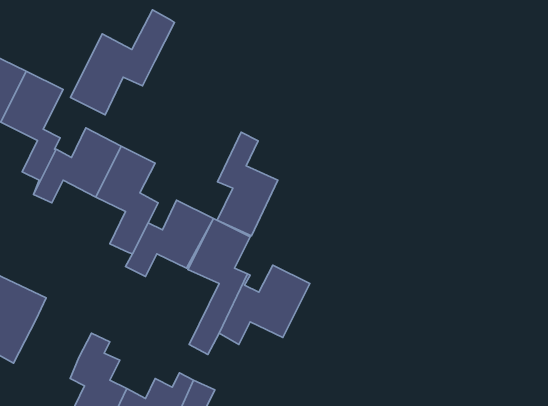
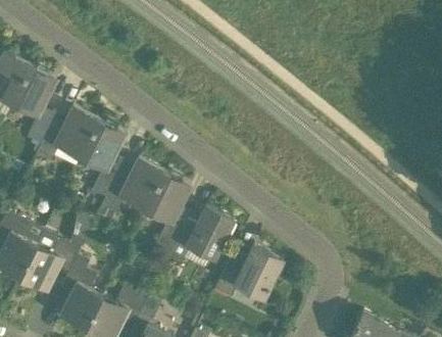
building: [71,10,174,115] -> none
building: [217,132,278,236] -> none
building: none -> [20,236,84,290]
building: none -> [213,247,282,300]

